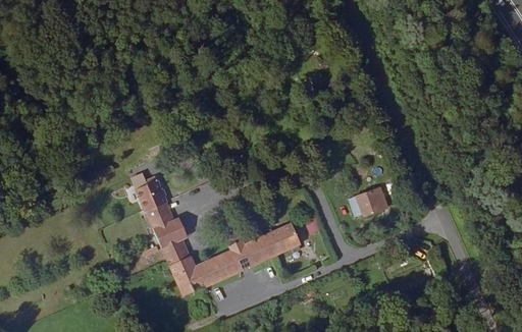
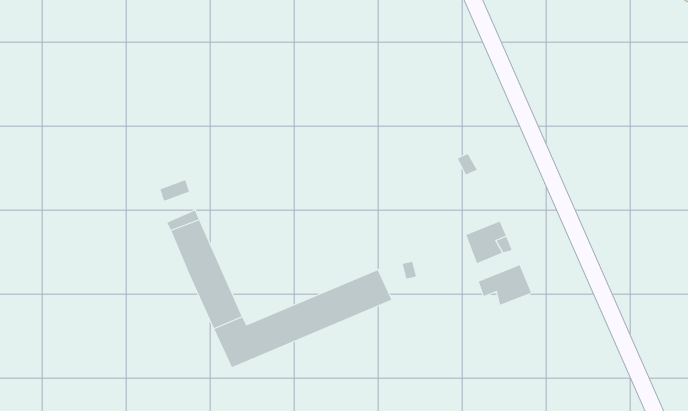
building: none -> [478,265,532,305]

